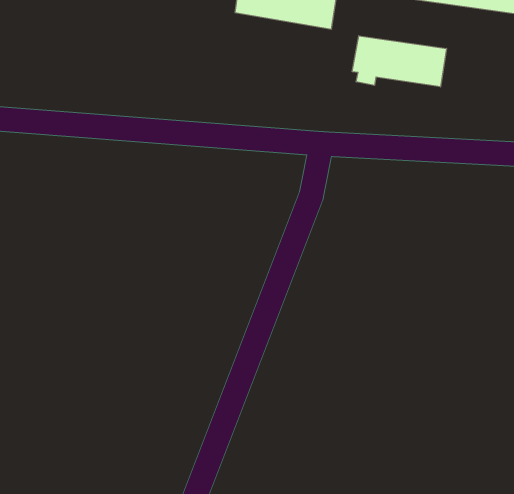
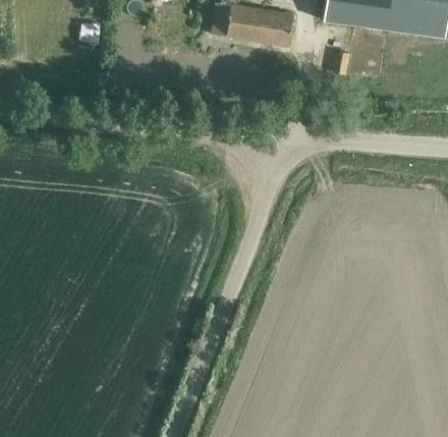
building: [352,36,446,87] -> none

